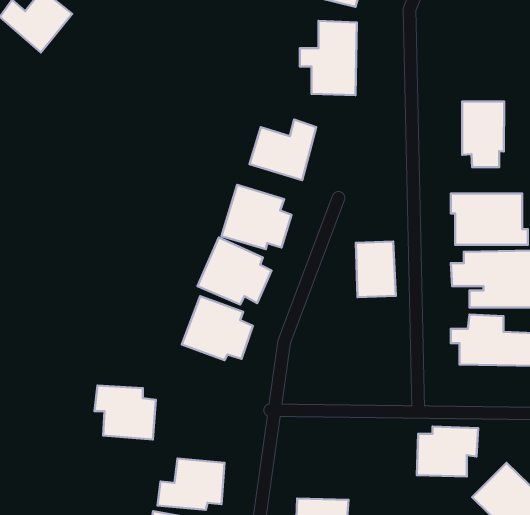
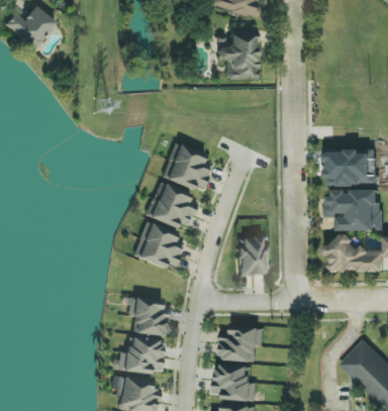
building: [462,101,504,167] -> none
building: [250,119,316,180] -> none
building: [356,242,396,297] -> [237,236,266,276]
building: [94,385,156,440] -> [126,298,170,336]
building: [417,427,478,476] -> [219,326,263,362]

